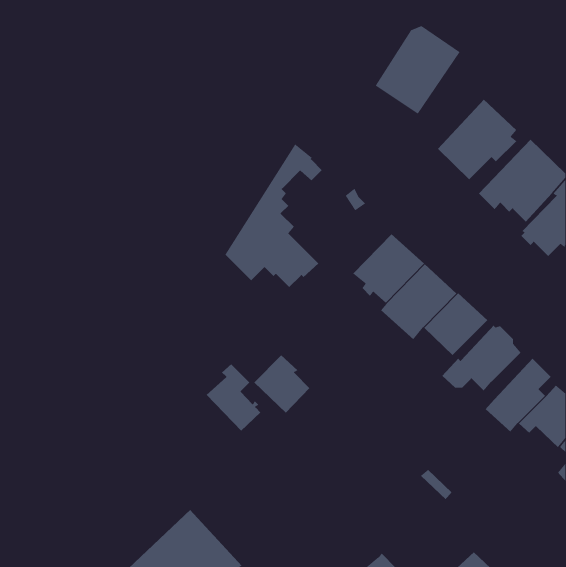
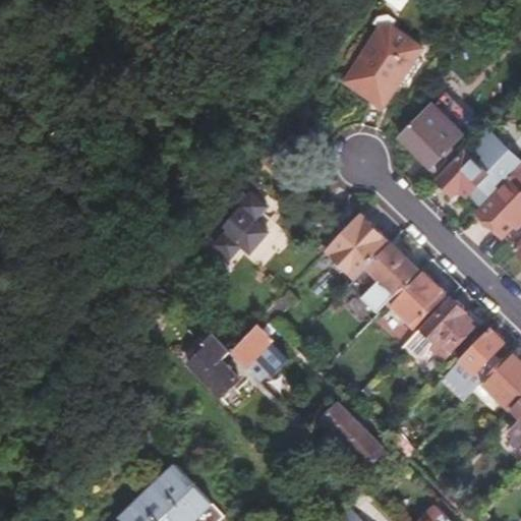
building: none -> [321,406,385,467]

